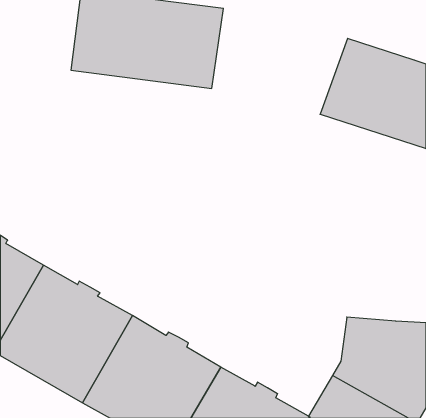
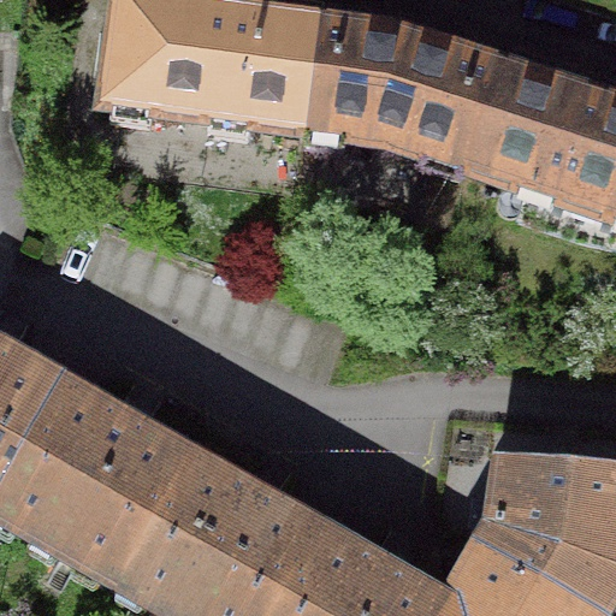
building: none -> [306,12,502,165]

